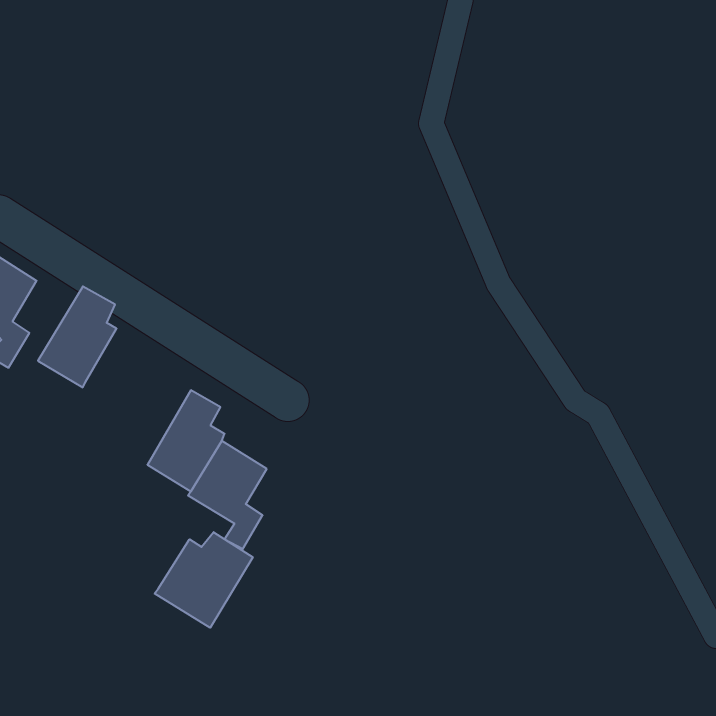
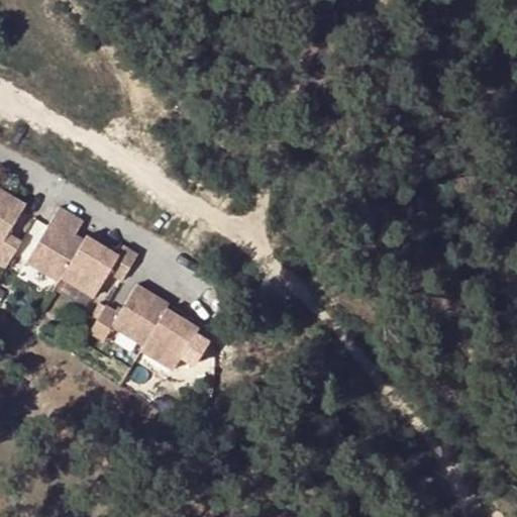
building: none -> [62,234,139,294]
building: [155,532,253,628] -> none

